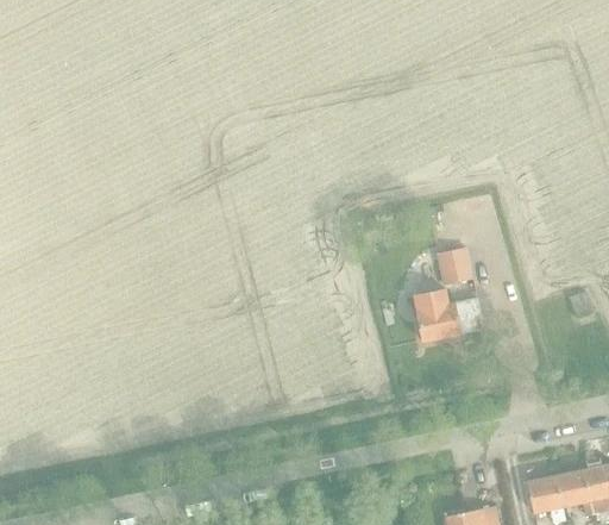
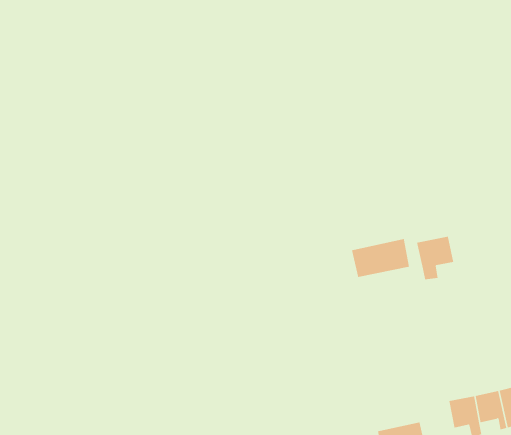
building: [438,250,472,285] -> none
building: none -> [417,236,454,280]

